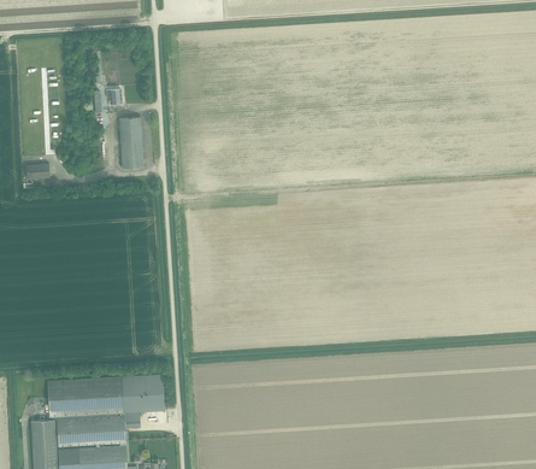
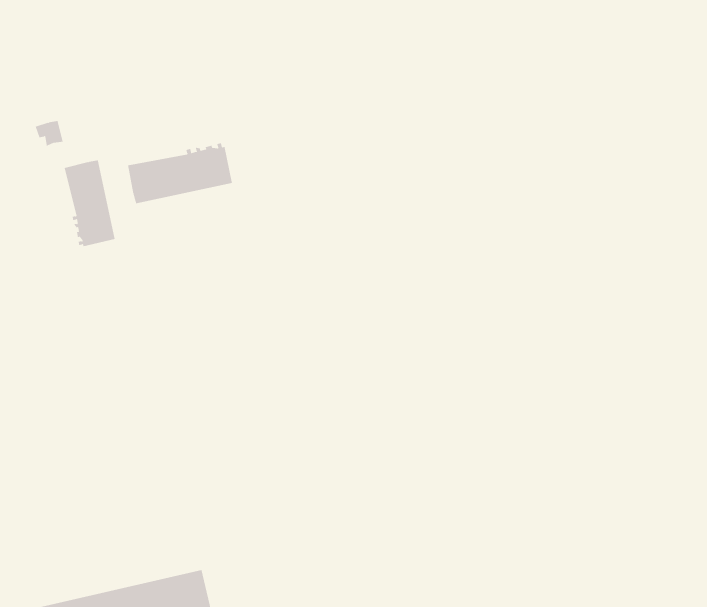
building: none -> [128,142,232,204]

